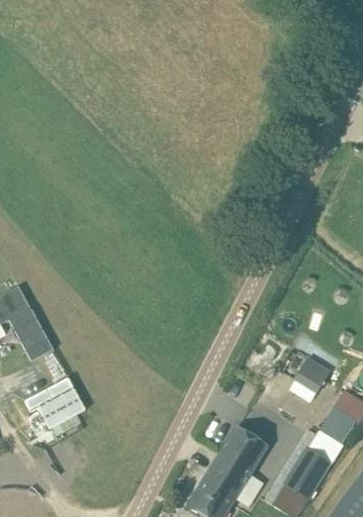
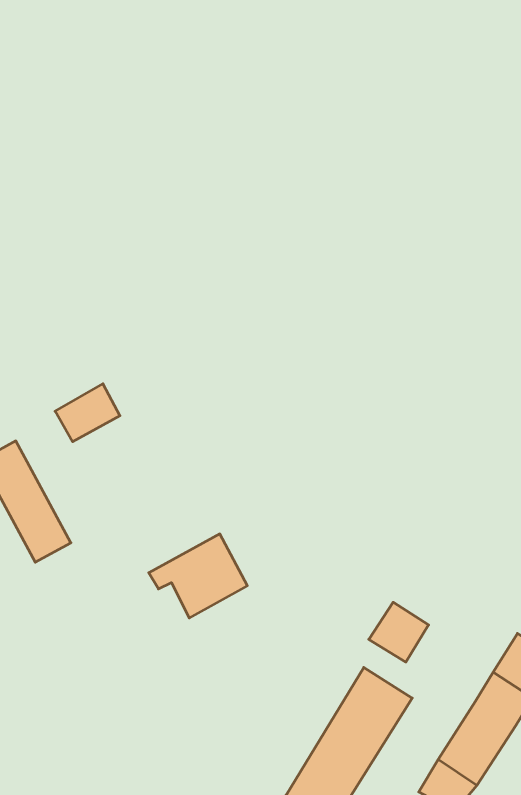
building: none -> [55,384,120,442]
building: [291,355,329,393] -> [369,602,429,662]
building: [23,376,85,428] -> [149,534,247,618]

